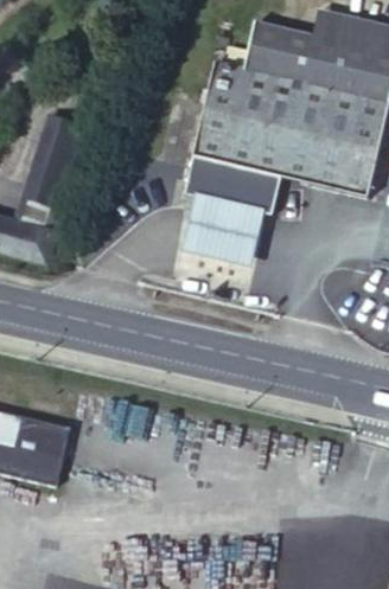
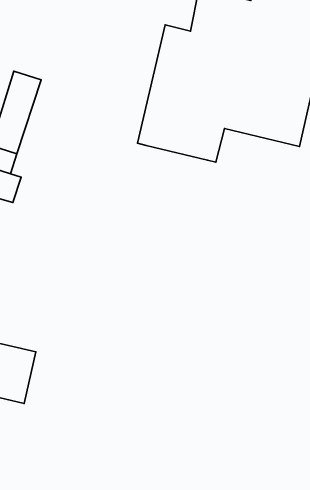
building: [181,196,263,268] -> none

